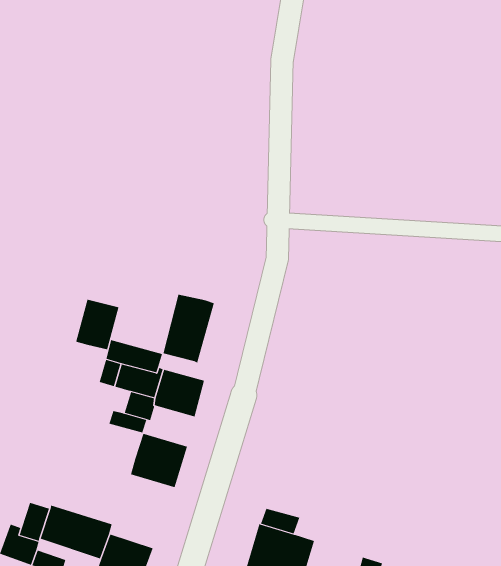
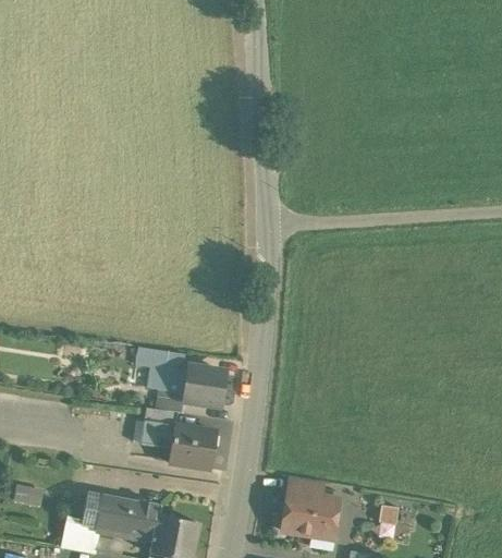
building: [163,294,214,363] -> none
building: [75,299,119,350] -> none
building: none -> [144,421,177,448]

